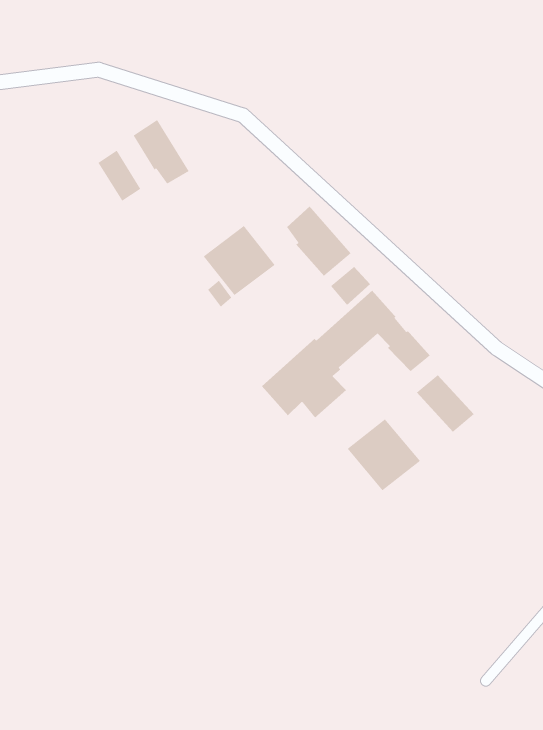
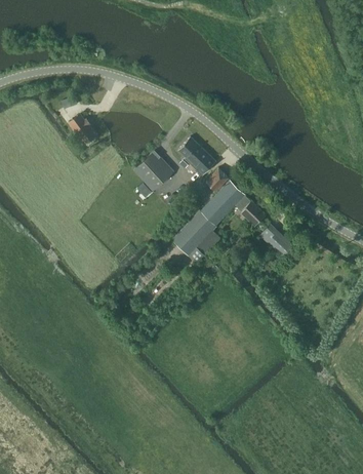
building: [133,119,189,185] -> none
building: [347,418,421,491] -> none

